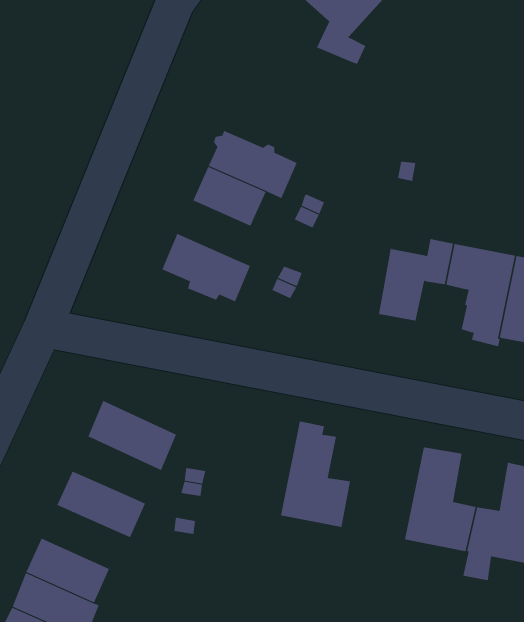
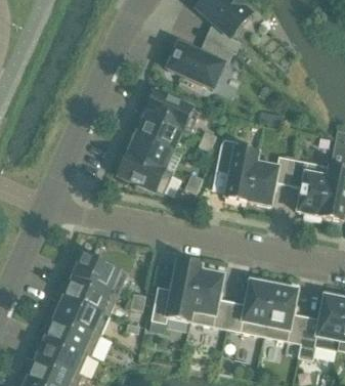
building: none -> [165,42,231,89]
building: none -> [127,134,171,169]
building: none -> [215,139,257,202]
building: none -> [150,261,200,323]
building: none -> [64,274,118,314]
building: none -> [225,277,273,336]
building: none -> [46,315,99,355]

